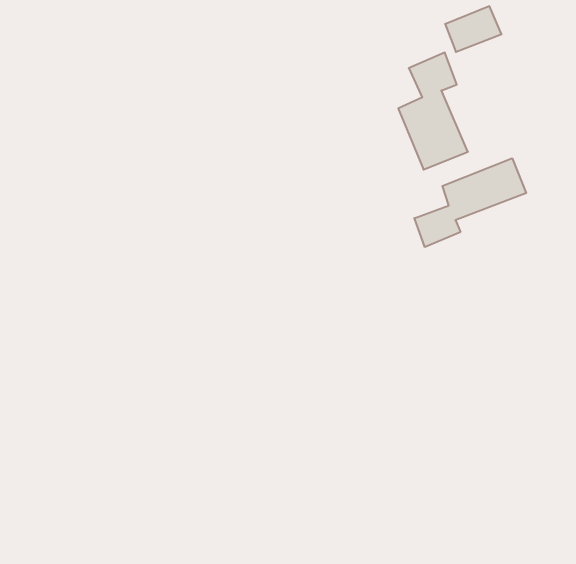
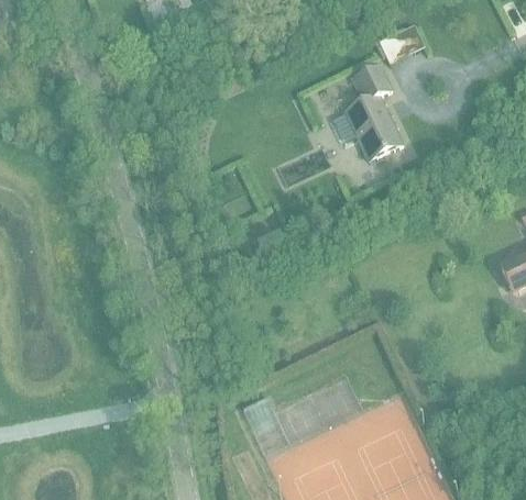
building: [414,158,526,247] -> none

